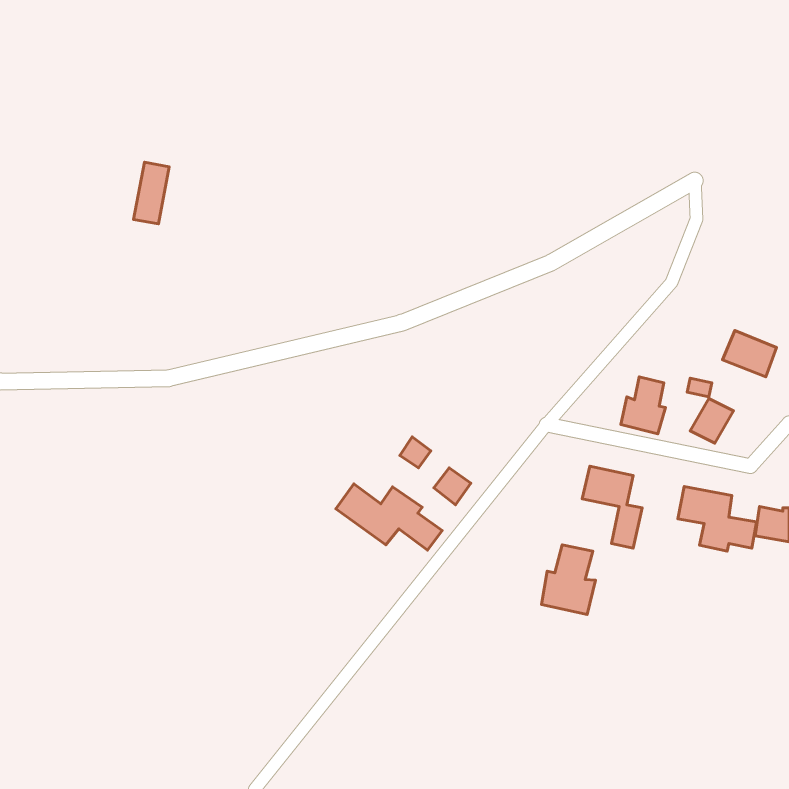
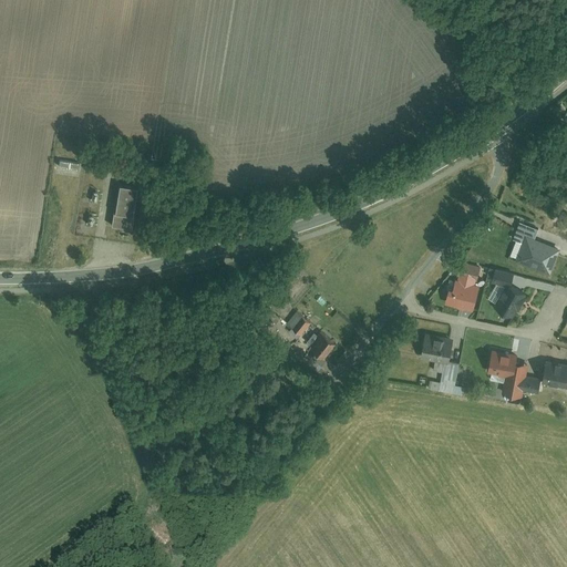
building: [134,162,169,224] -> [112,185,137,229]
building: [336,484,442,550] -> none
building: [541,545,595,614] -> none

